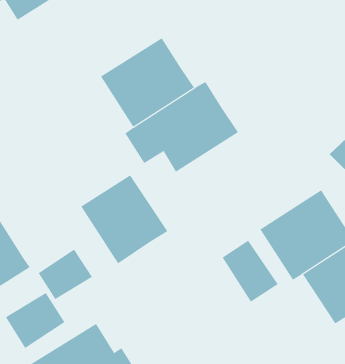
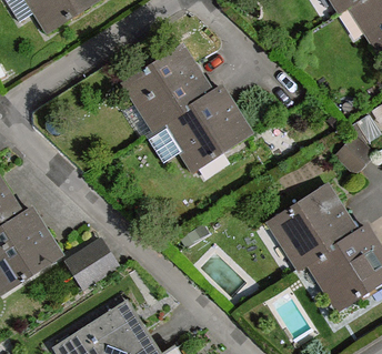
building: [80,174,168,264] -> none
building: [222,240,279,303] -> none
building: [5,292,65,349] -> none

